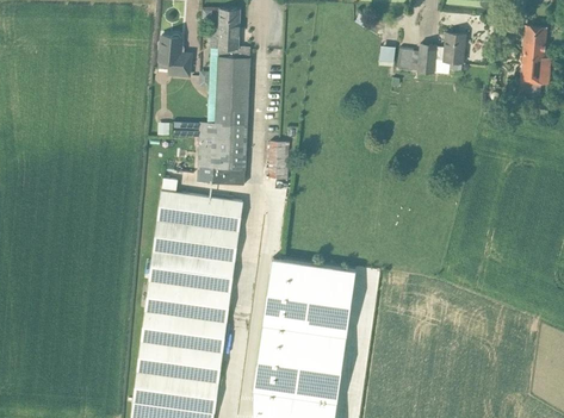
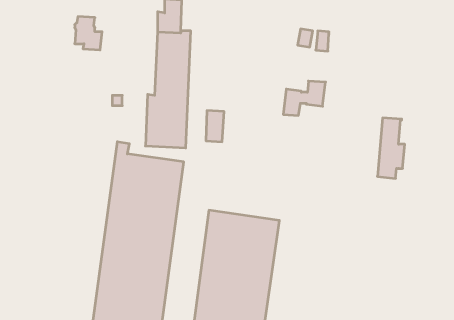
building: [519,25,551,96] -> [377,118,405,178]
building: [416,33,466,74] -> [283,81,326,115]
building: [159,36,191,75] -> [75,17,102,50]

